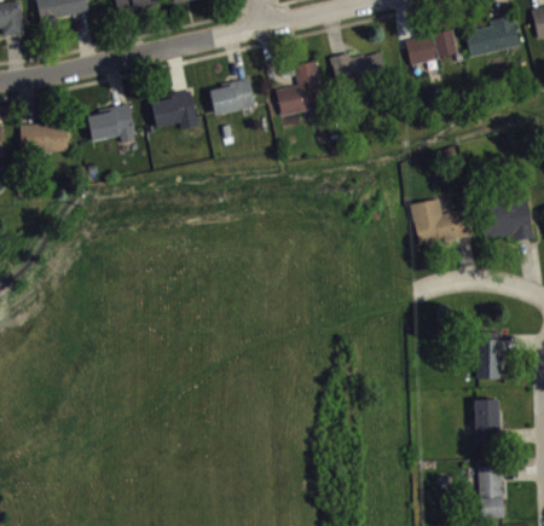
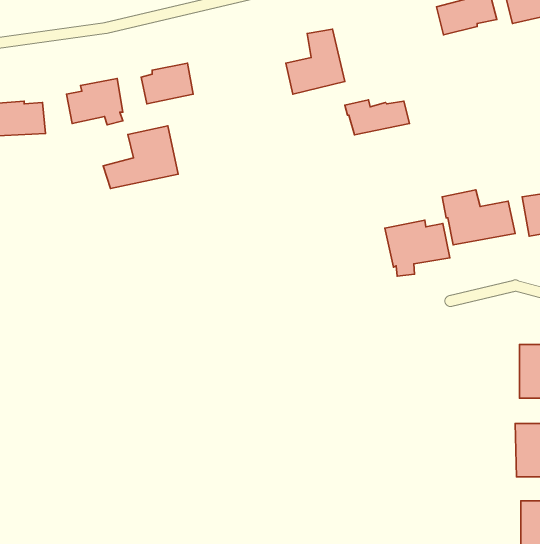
building: [329,53,384,83] -> [345,100,409,135]
building: [209,79,256,116] -> none
building: none -> [103,126,178,188]
building: none -> [385,220,450,276]

